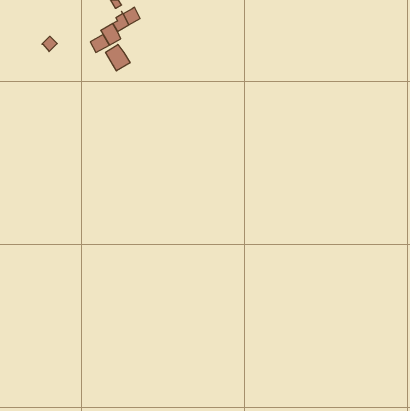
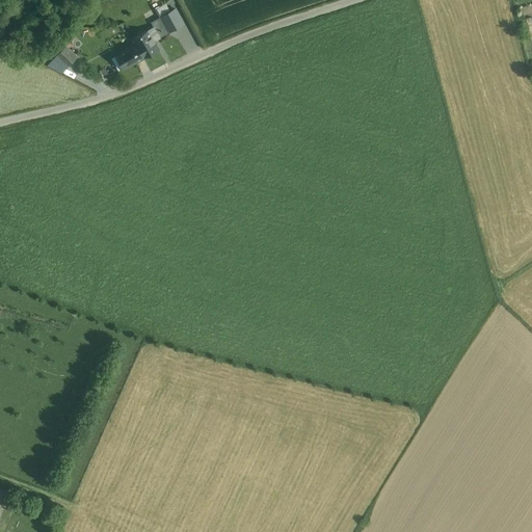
building: [106,44,130,71] -> none

